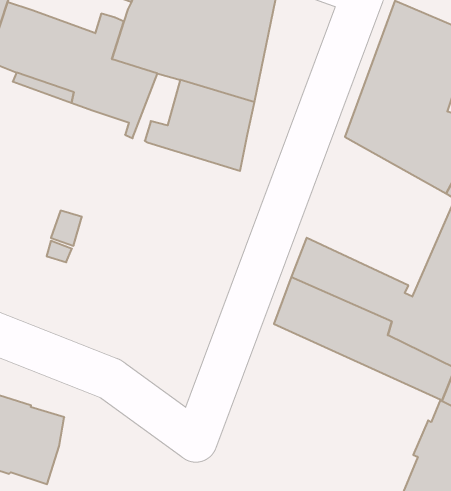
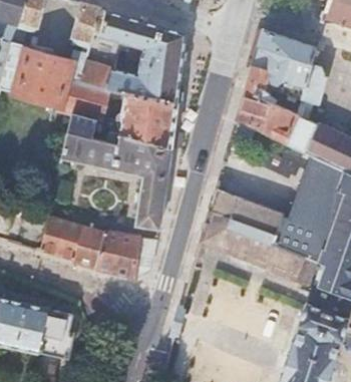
building: none -> [62,115,171,229]
building: none -> [40,218,158,280]

